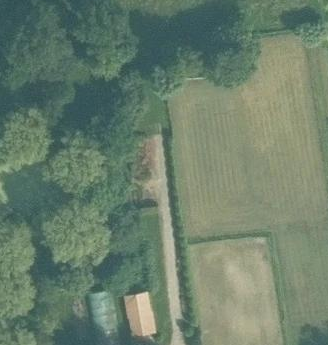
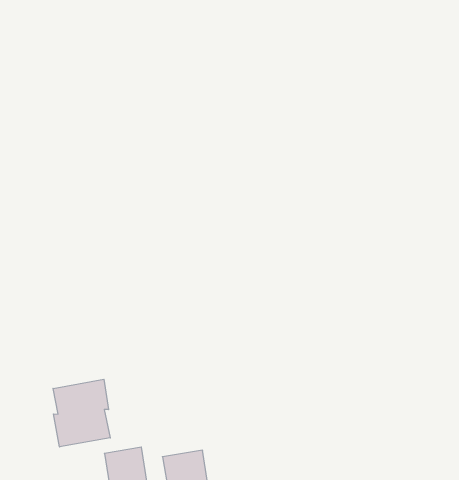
building: none -> [53,379,110,447]

